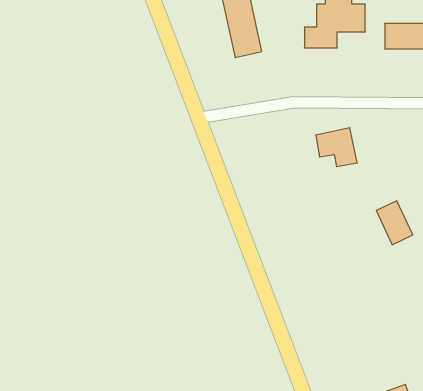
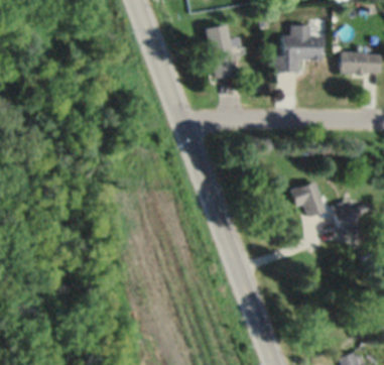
building: [316,128,357,167] -> [290,182,325,215]

